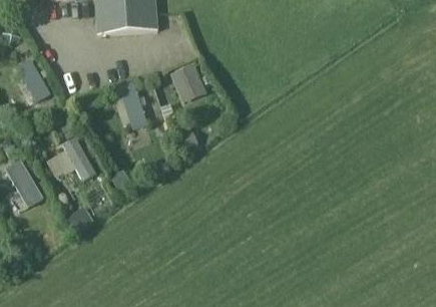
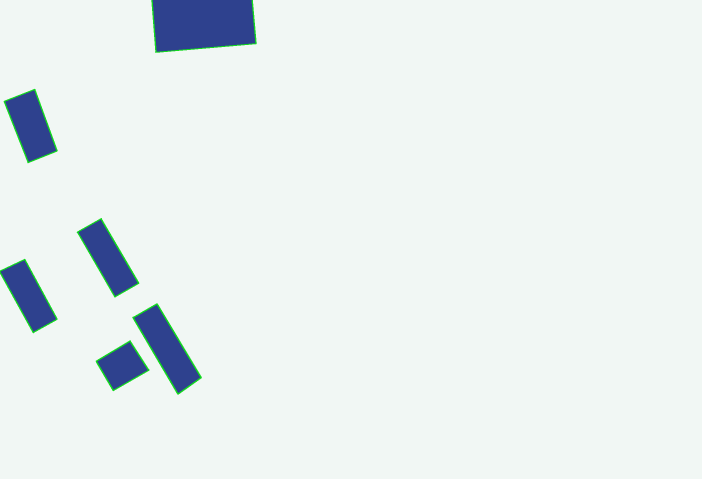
building: [172,66,205,103] -> none
building: [119,83,147,130] -> none
building: none -> [133,304,201,394]

